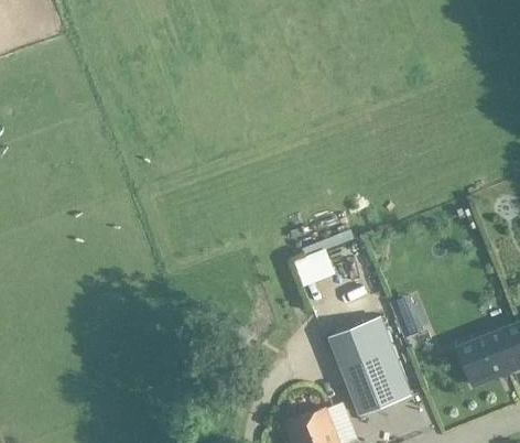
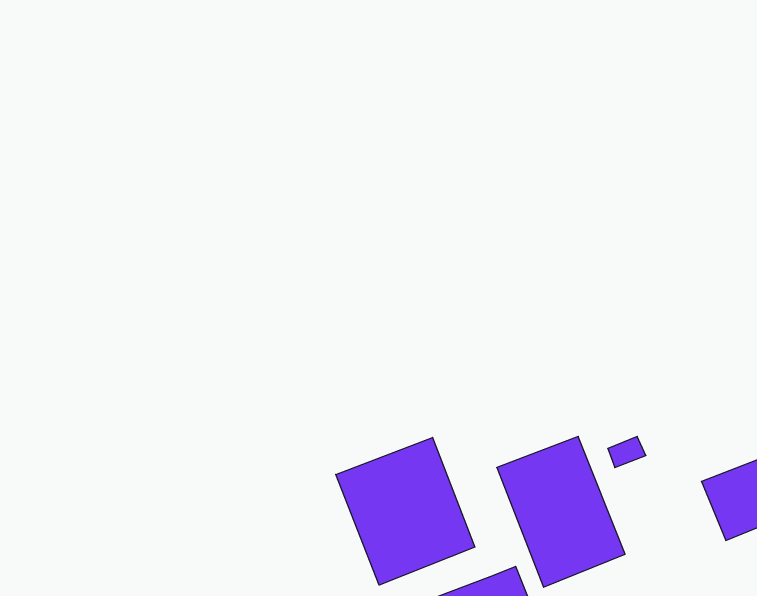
building: none -> [336,437,475,585]

